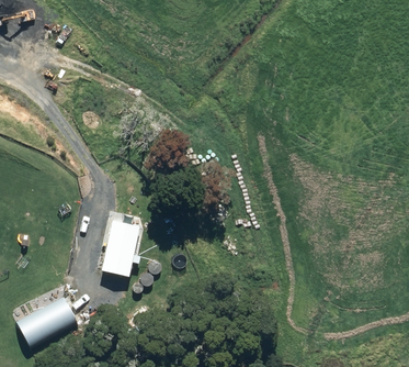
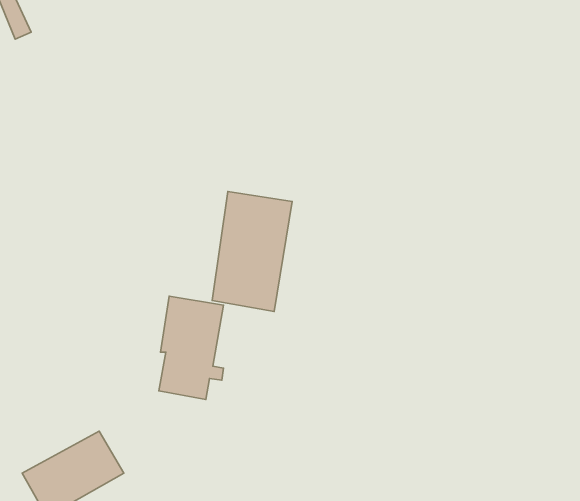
building: none -> [212,191,292,311]

